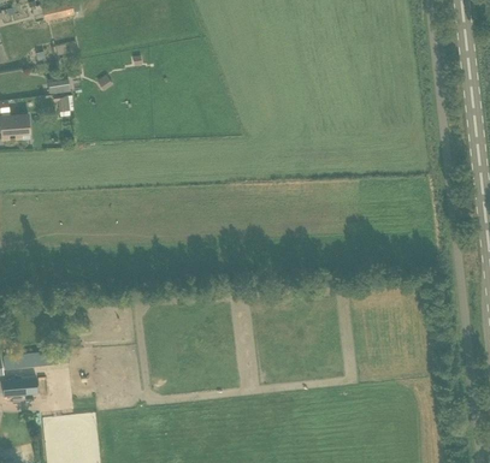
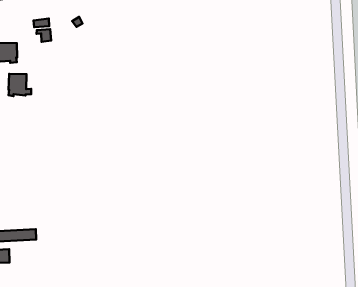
building: none -> [8,74,31,96]

